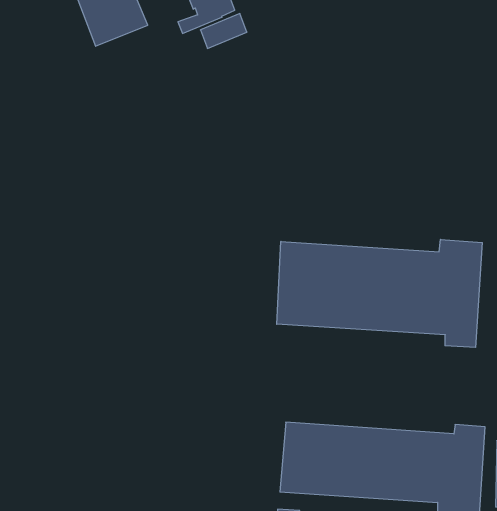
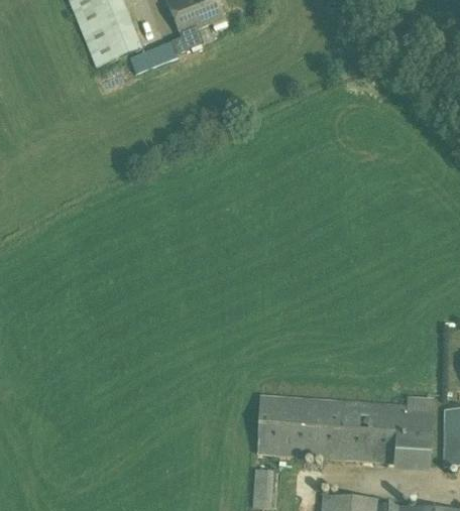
building: [200,14,247,48] -> [129,43,169,74]
building: [277,239,482,347] -> none

